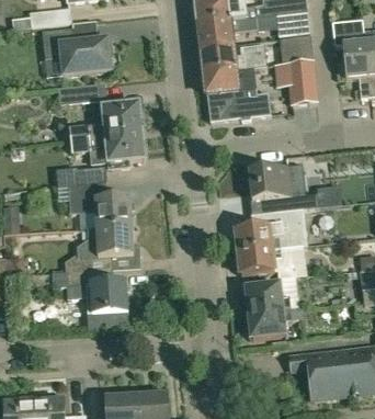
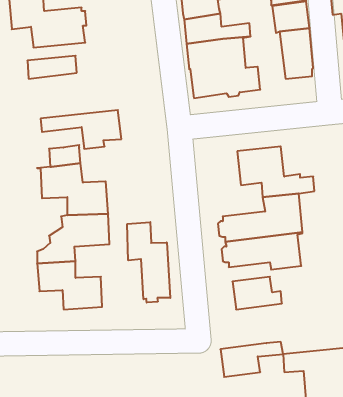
building: [68,102,139,140] -> none
building: none -> [127,222,170,303]
building: [247,307,304,339] -> [220,342,283,377]

